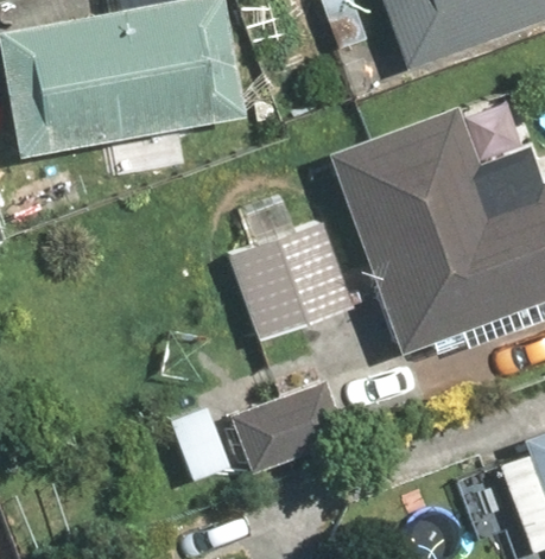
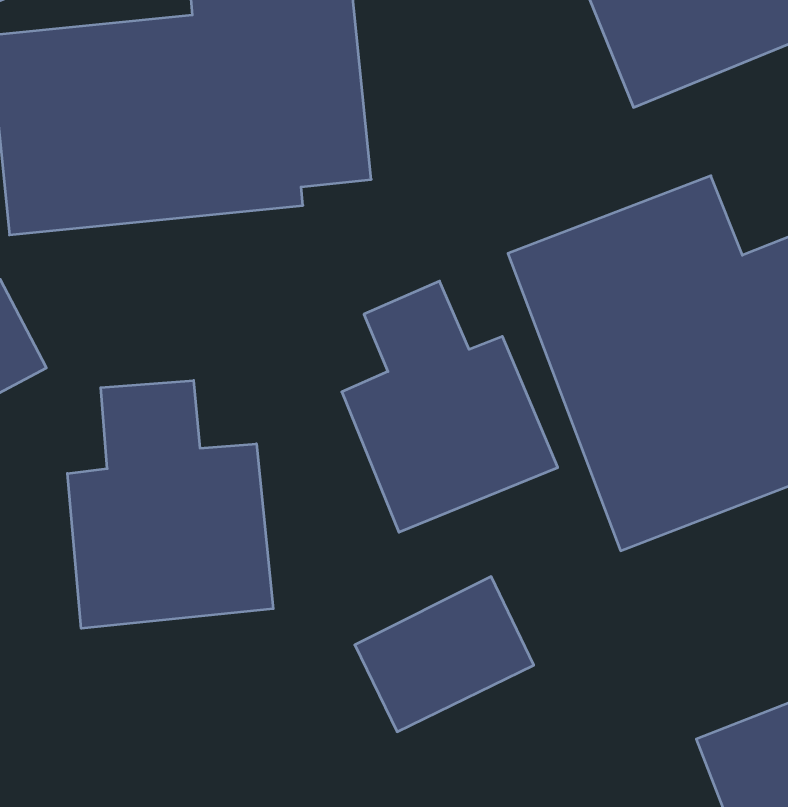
building: none -> [67,380,273,628]

